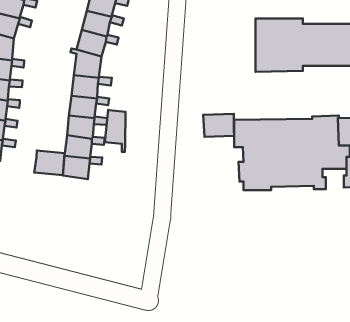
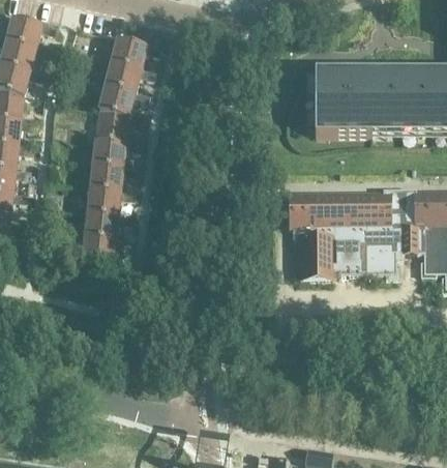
building: [105,110,125,152] -> none
building: [203,114,234,137] -> none
building: [34,151,64,175] -> none

